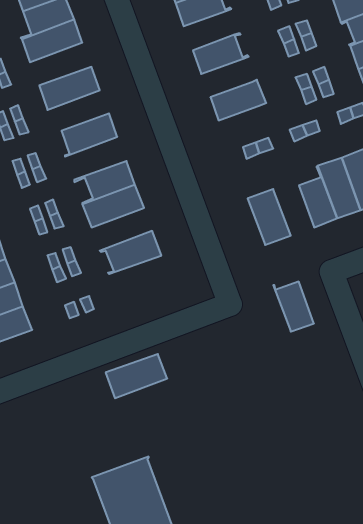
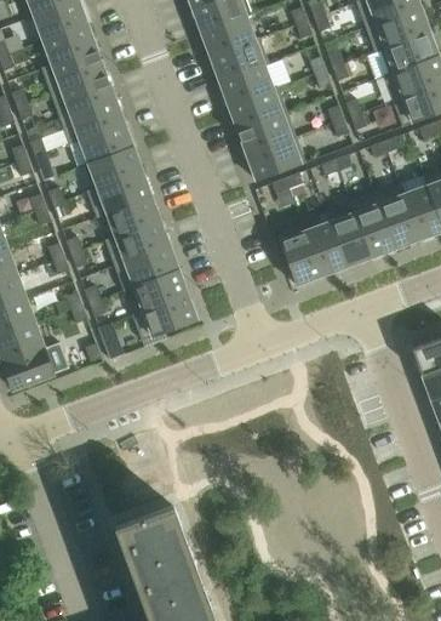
building: none -> [211,38,269,81]
building: none -> [51,73,115,118]
building: none -> [229,87,287,130]
building: none -> [69,123,133,165]
building: none -> [247,136,307,181]
building: none -> [87,171,151,216]
building: none -> [115,245,178,290]
building: [273,282,314,332] -> [304,222,346,274]
building: [106,354,167,398] -> [133,295,197,341]

